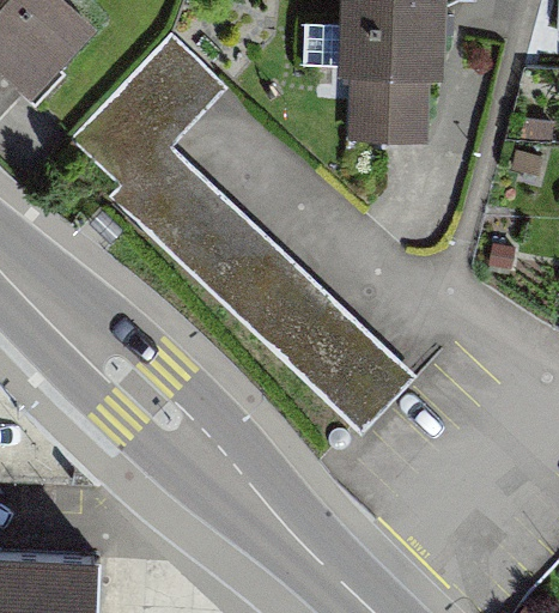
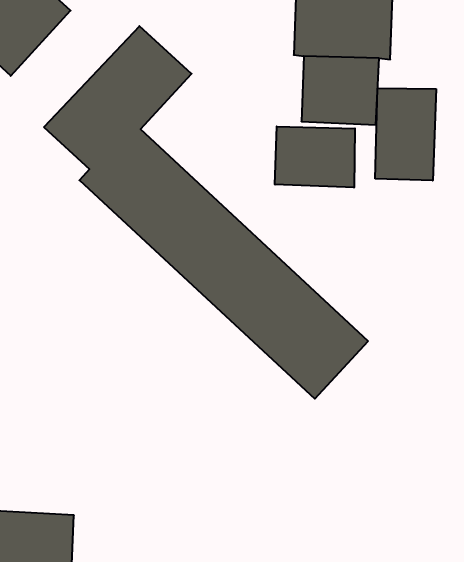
building: none -> [375,88,436,181]
building: none -> [275,126,355,188]

